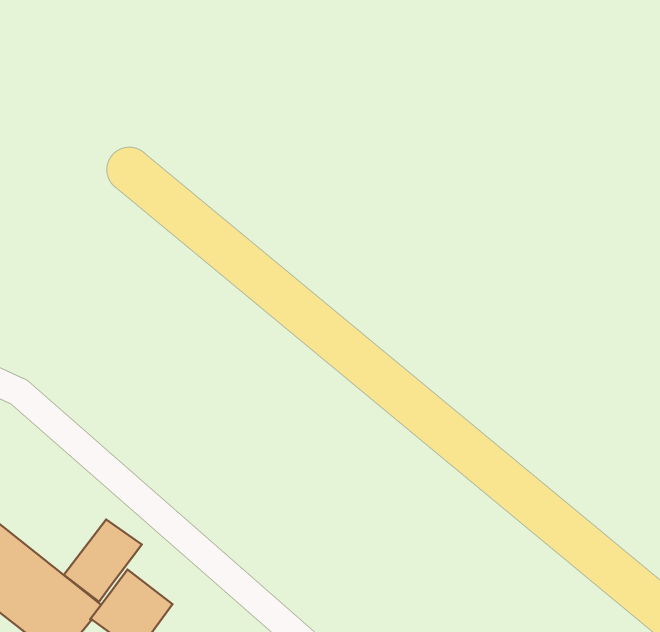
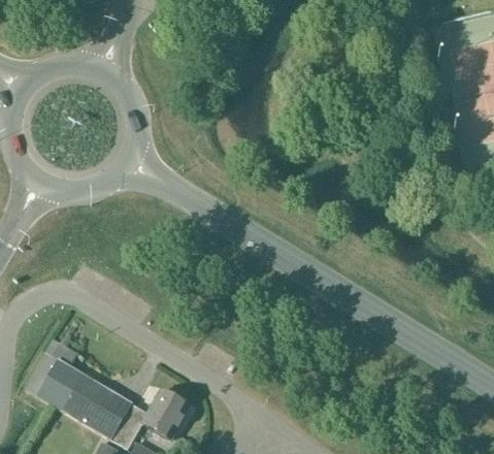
building: [64,519,142,602] -> none

